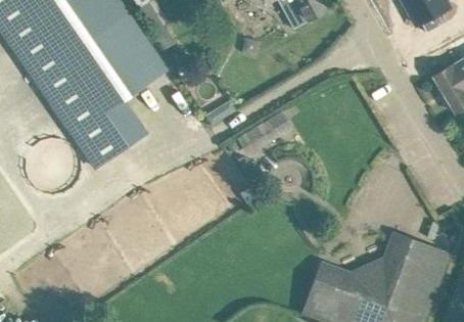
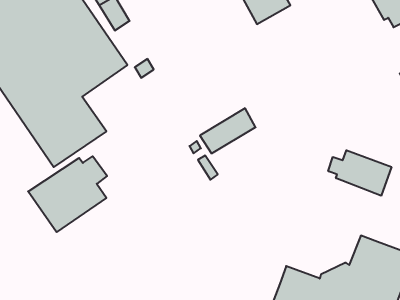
building: none -> [328,150,391,196]
building: none -> [28,156,107,232]

